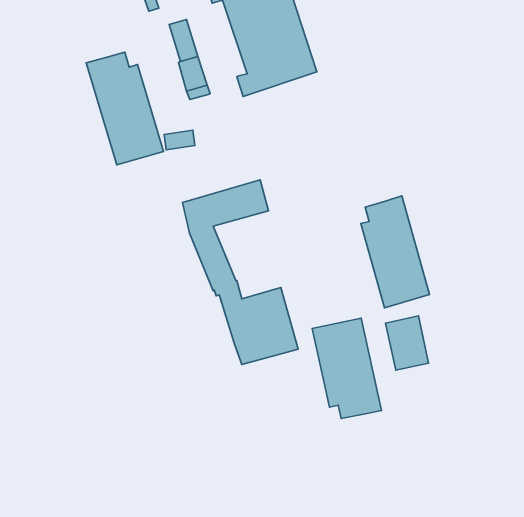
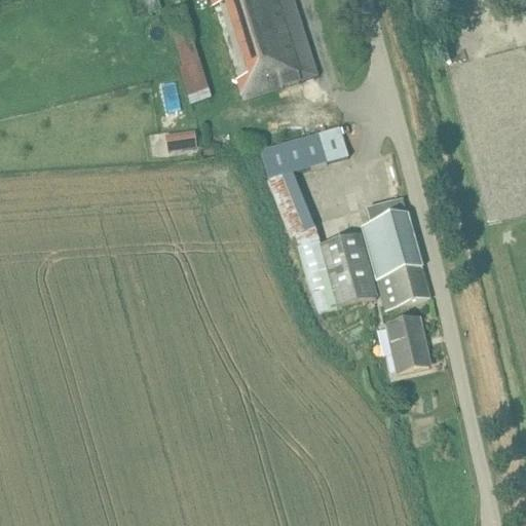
building: [86,52,164,165] -> none
building: [182,180,298,365] -> [261,124,377,309]
building: [312,318,381,419] -> none

